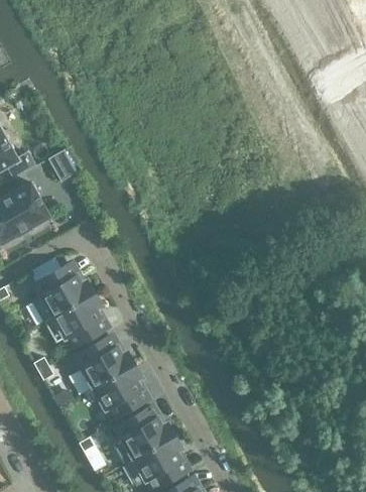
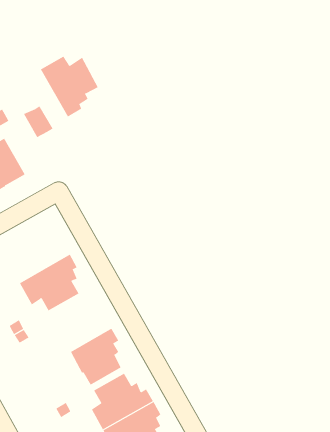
building: none -> [40,56,99,118]
building: [34,266,95,322] -> none
building: [77,338,135,388] -> none

